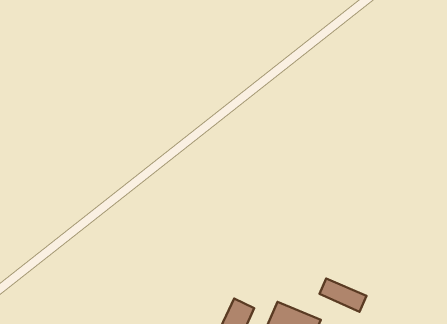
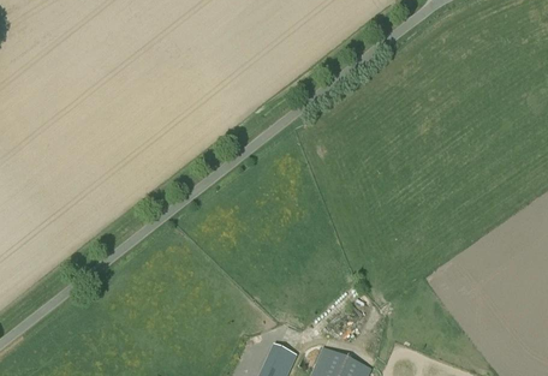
building: [320,278,367,312] -> none

